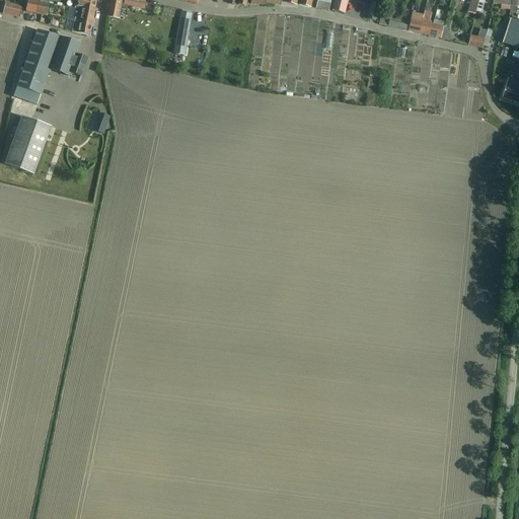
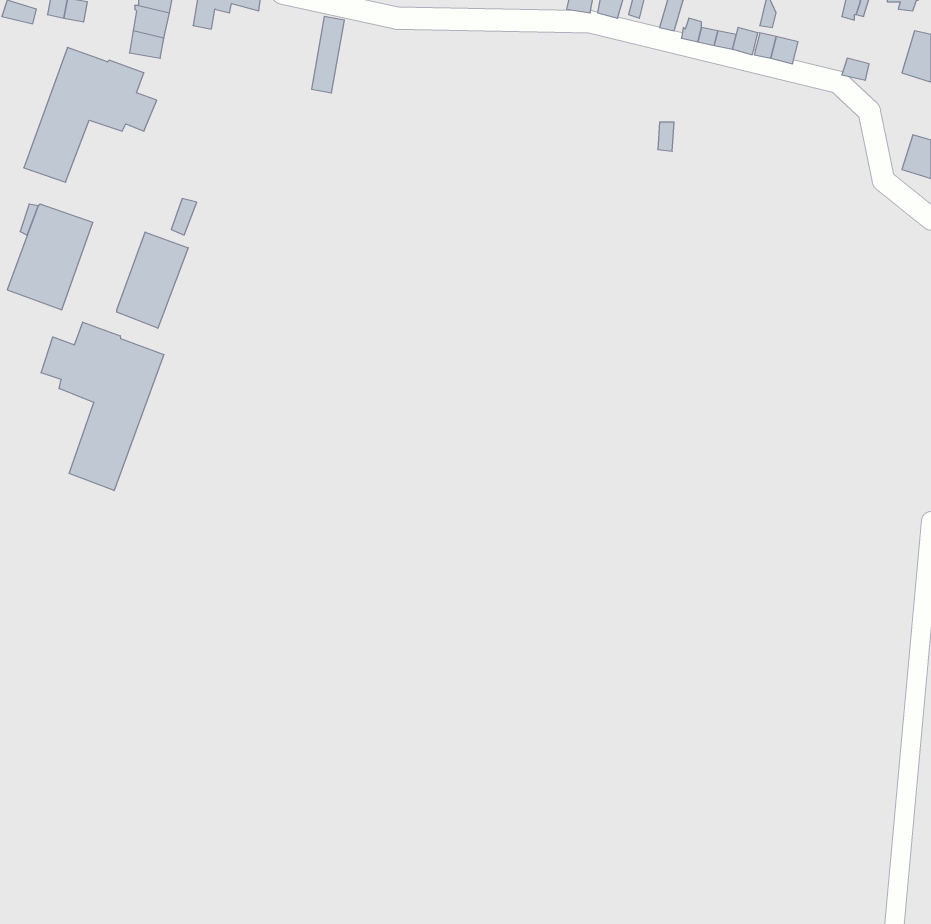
building: none -> [117,232,188,328]
building: none -> [41,322,164,491]

